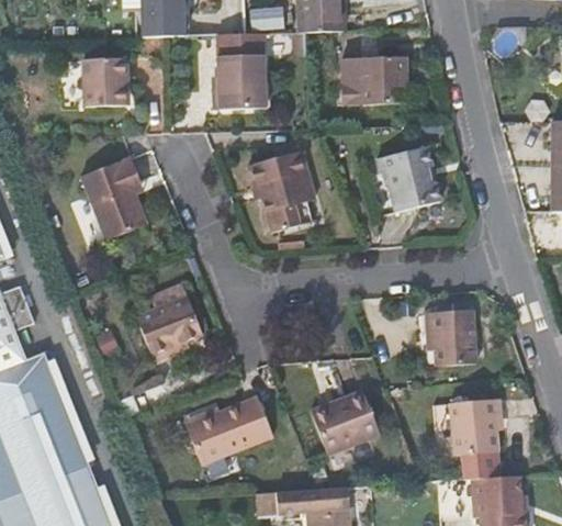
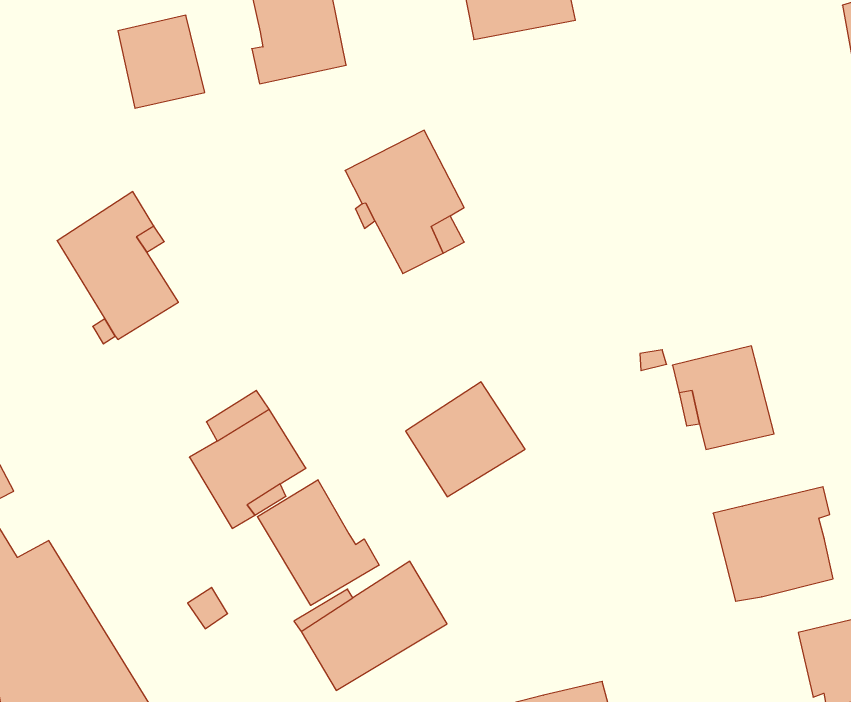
building: [82,61,126,110] -> [118,15,205,108]
building: [368,146,439,213] -> none
building: none -> [257,480,379,605]
building: [308,393,375,456] -> [406,382,525,497]

